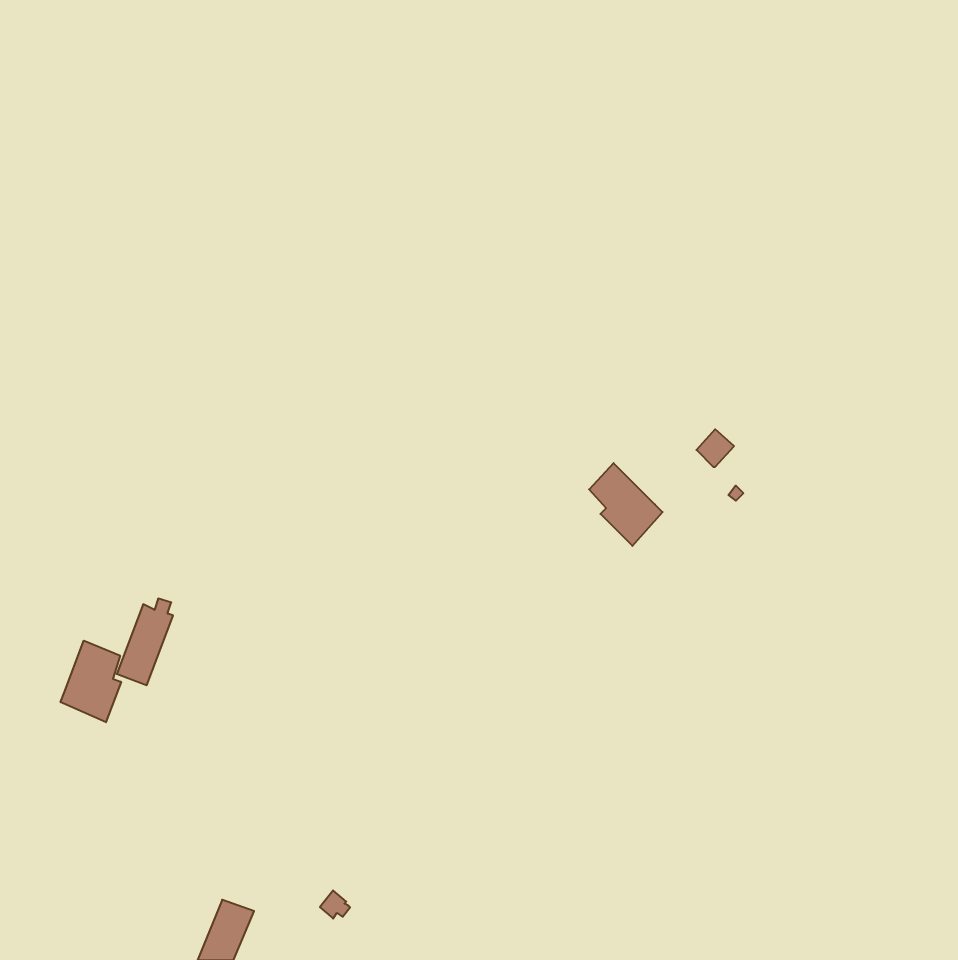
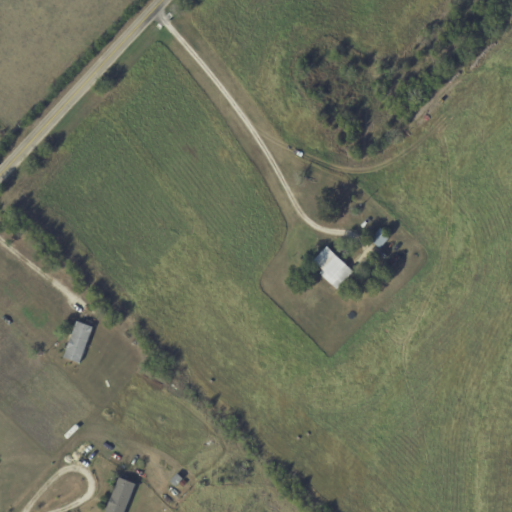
building: [61,641,121,722] -> none

